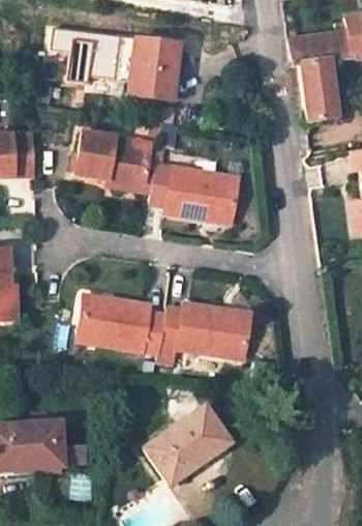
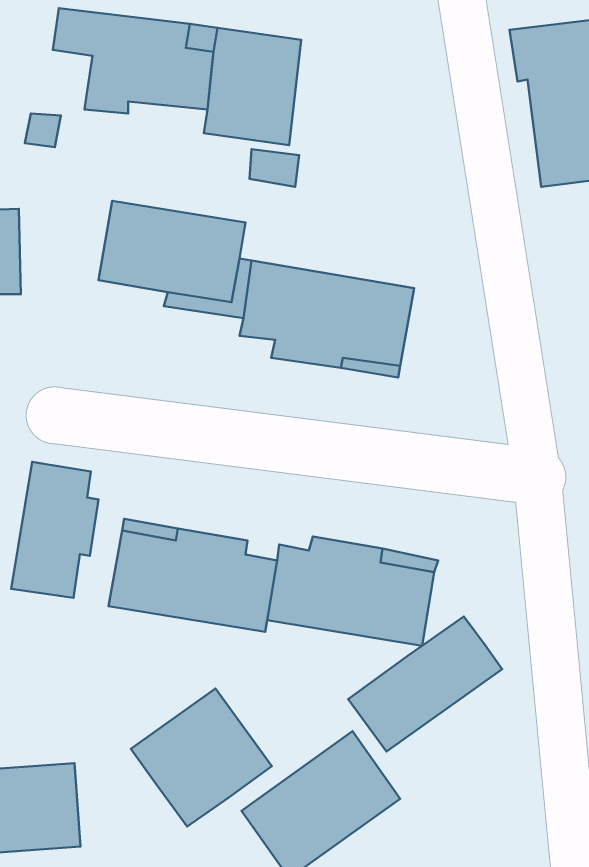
building: none -> [11,462,99,598]
building: none -> [348,617,502,752]
building: none -> [131,689,272,827]

